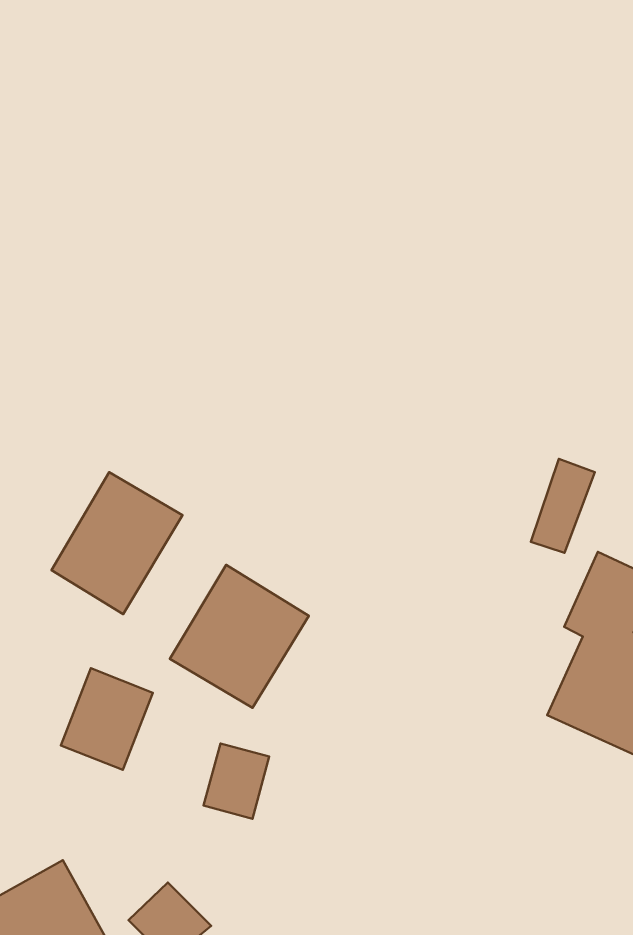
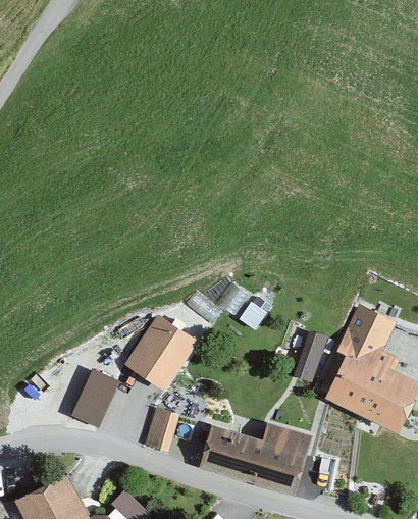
building: [531,459,595,553] -> [292,326,326,377]
building: [51,472,183,614] -> none
building: none -> [201,424,316,490]

